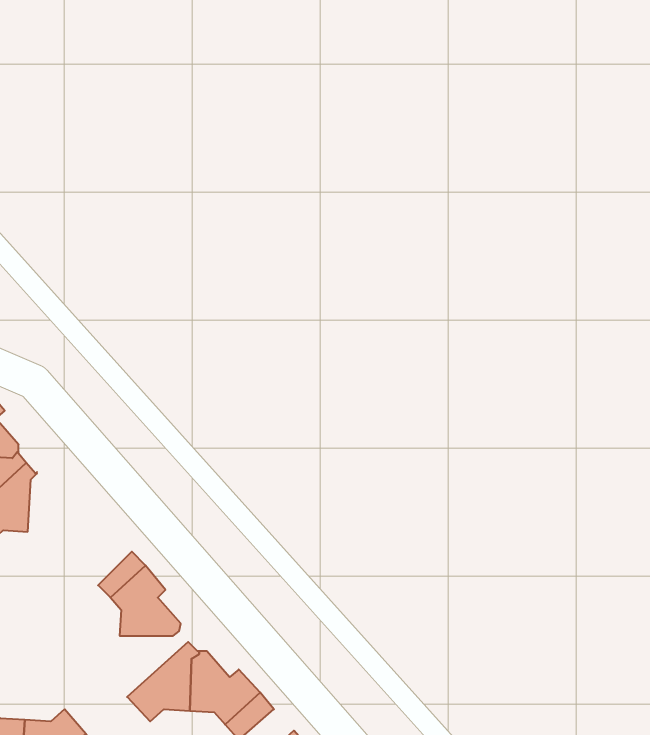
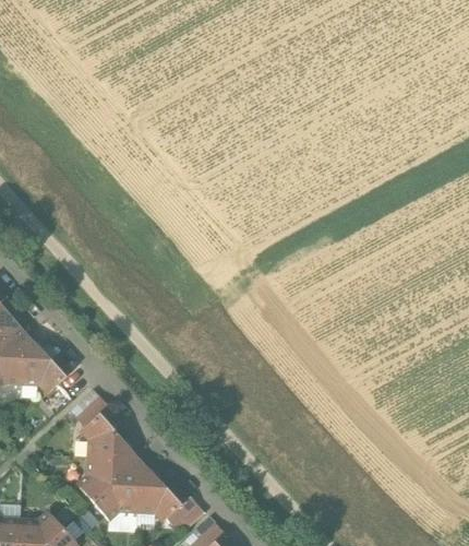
building: none -> [21,343,71,394]
building: none -> [76,455,135,502]

